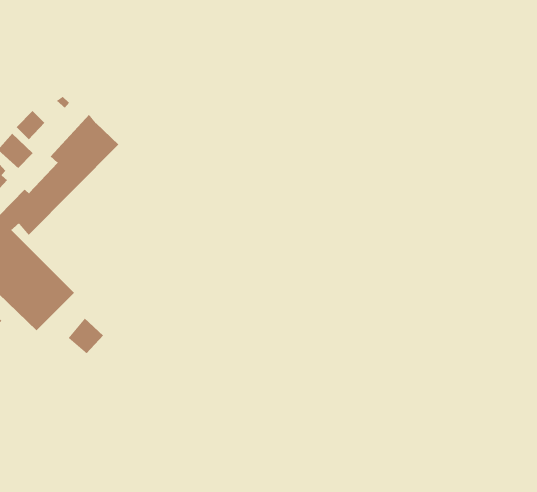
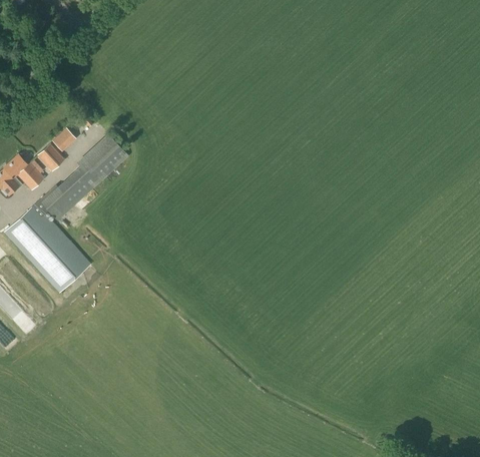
building: [68,318,104,354] -> none

